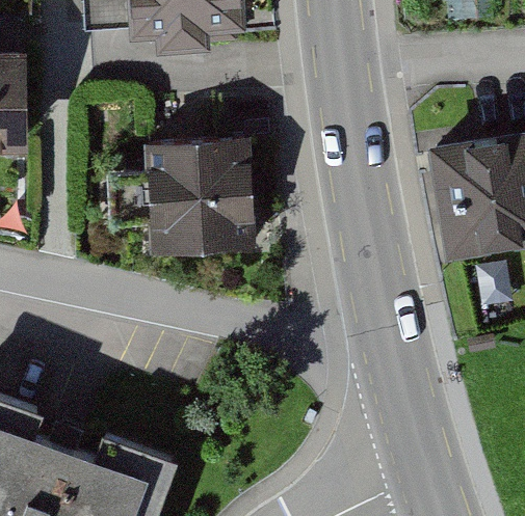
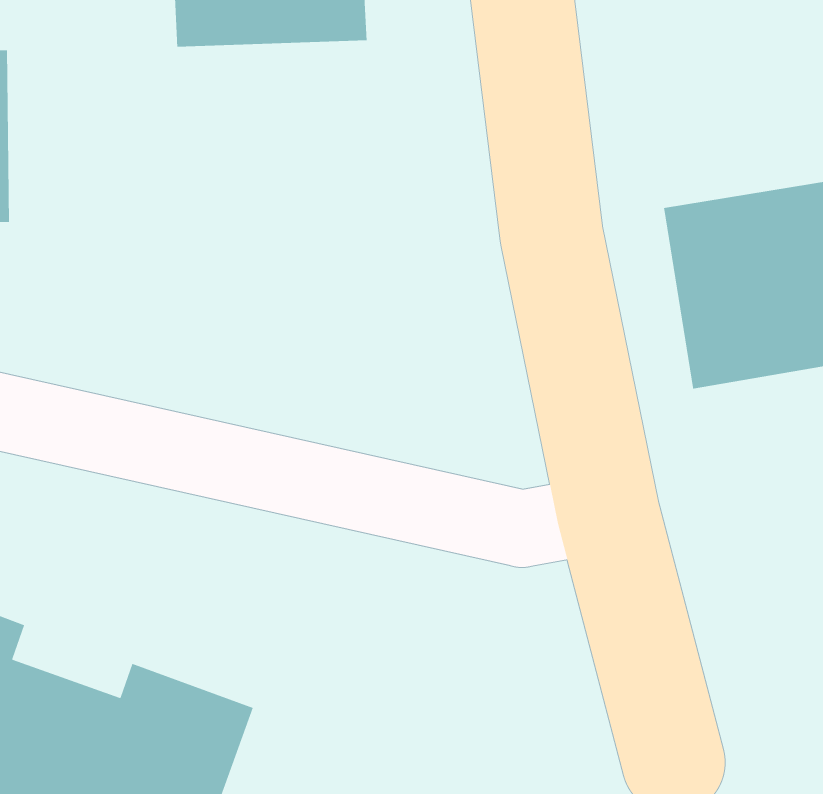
building: [145,138,258,260] -> none

